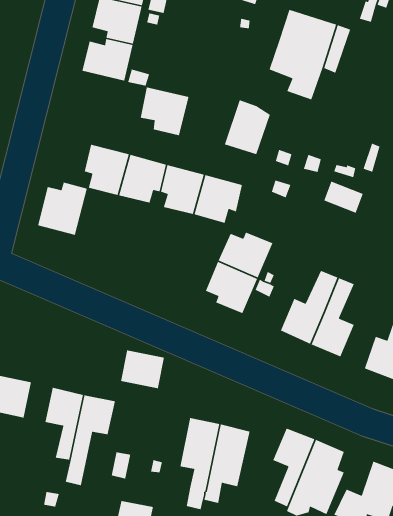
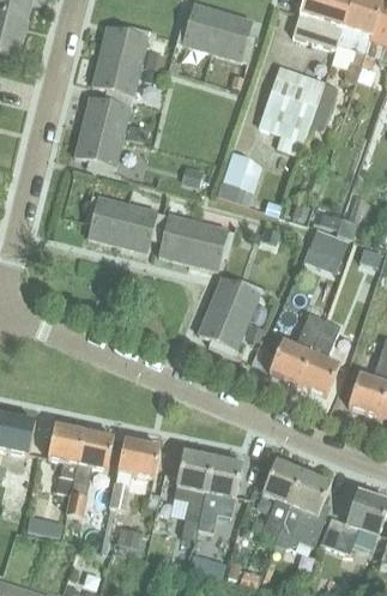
building: [140,86,190,136] -> [75,125,122,171]
building: [37,182,88,236] -> none
building: [120,350,165,389] -> [117,439,159,476]

